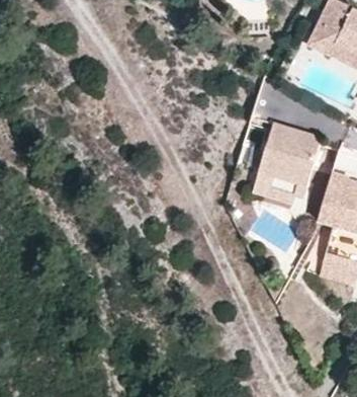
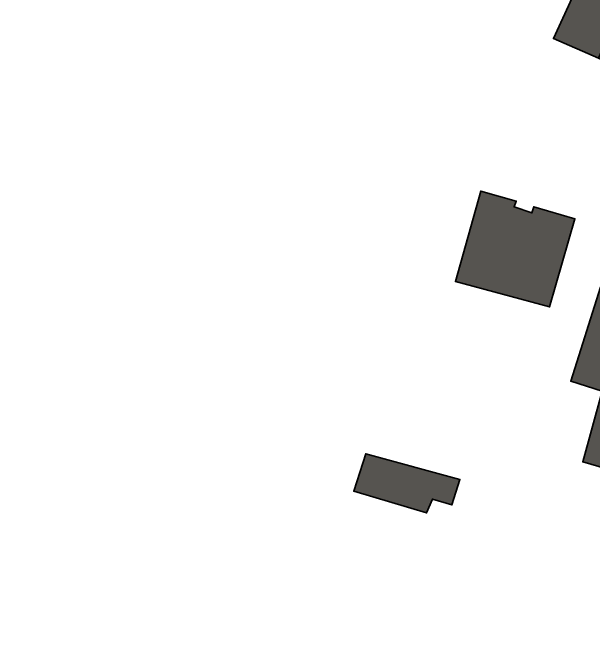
building: [253,170,307,201] -> [354,454,460,513]

